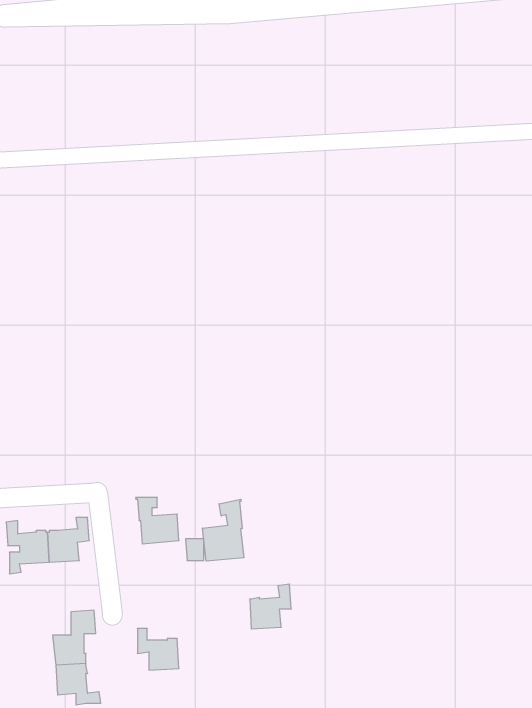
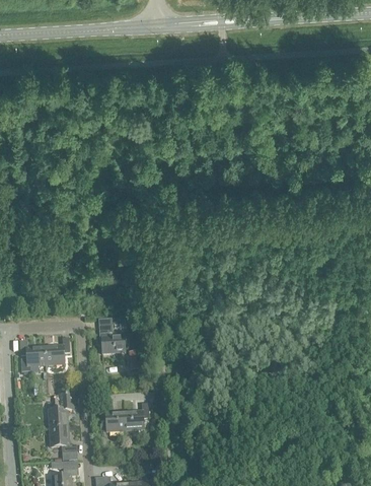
building: [203,499,244,561] -> none
building: [250,584,291,629] -> [123,403,148,430]

